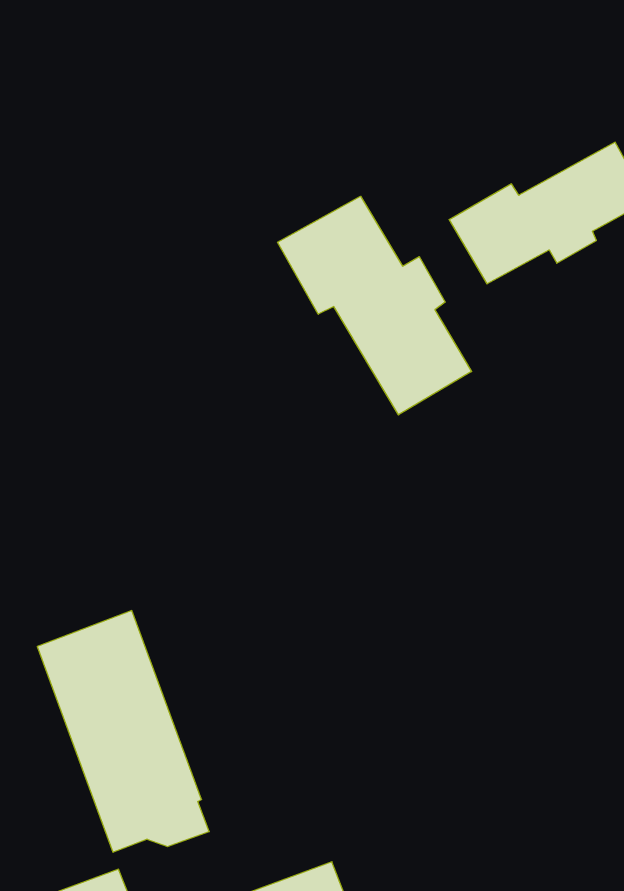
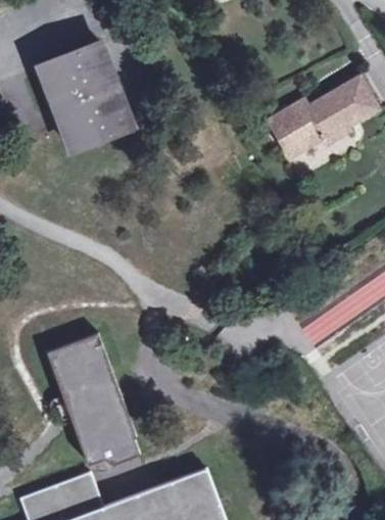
building: none -> [39,45,131,151]
building: [278,196,472,415] -> none

